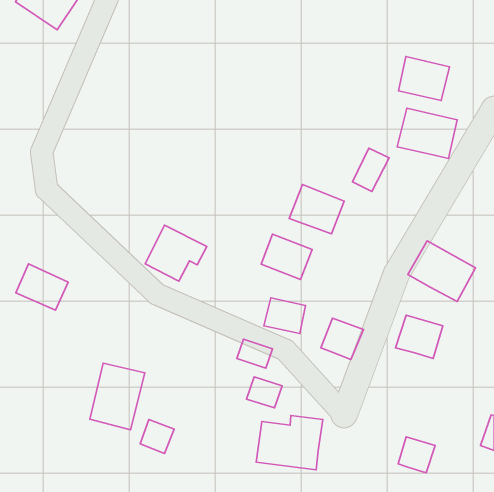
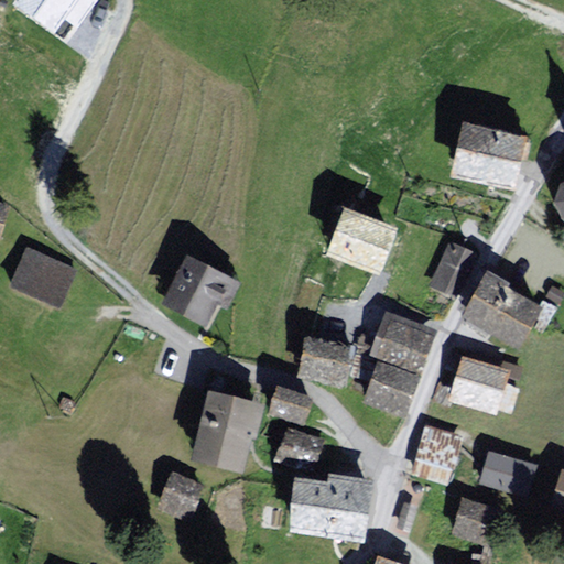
building: [398,57,449,101] -> none
building: [352,148,389,192] -> [432,245,474,294]
building: [261,234,312,279] -> [373,314,432,366]
building: [16,264,68,310] -> [13,248,73,301]
building: [90,363,145,430] -> [195,392,258,468]
building: none -> [411,430,462,482]
building: none -> [481,452,534,492]

